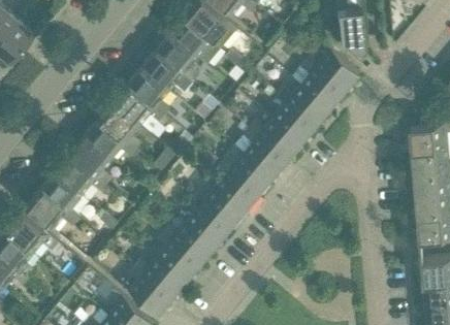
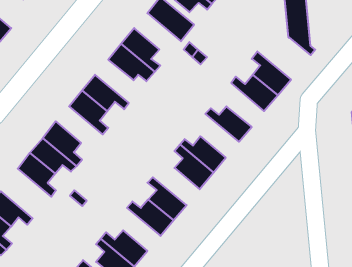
building: [169,20,221,68] -> none
building: [306,53,357,93] -> none
building: [126,71,169,119] -> none
building: [270,97,313,145] -> none
building: [83,123,134,163] -> none
building: [242,131,285,180] -> none
building: [190,191,242,232] -> none
building: [26,192,77,233] -> none
building: [156,235,198,283] -> none

